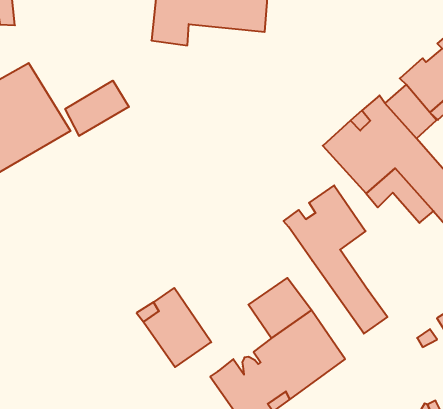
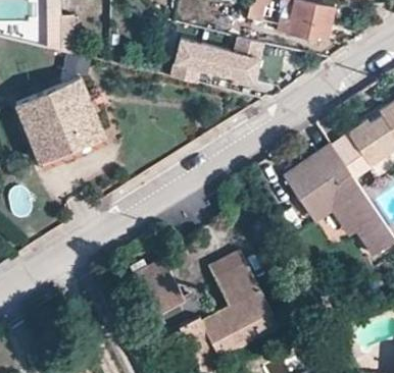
building: [65,81,129,136] -> none
building: [284,185,387,334] -> none

